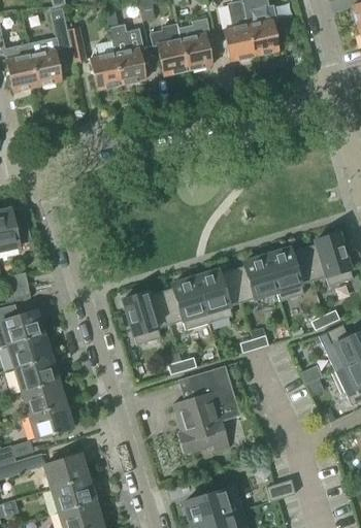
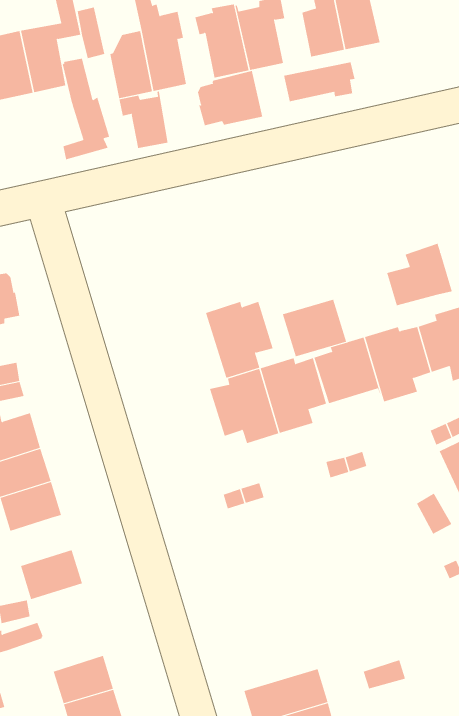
building: none -> [62,58,110,160]
building: none -> [284,62,355,102]
building: none -> [197,70,263,126]
building: none -> [119,91,168,149]
building: none -> [387,243,452,306]
building: none -> [282,299,347,357]
building: [123,291,170,344] -> [205,301,274,378]
building: [173,365,238,452] -> none
building: [22,378,65,414] -> none
building: [44,452,87,487] -> none

